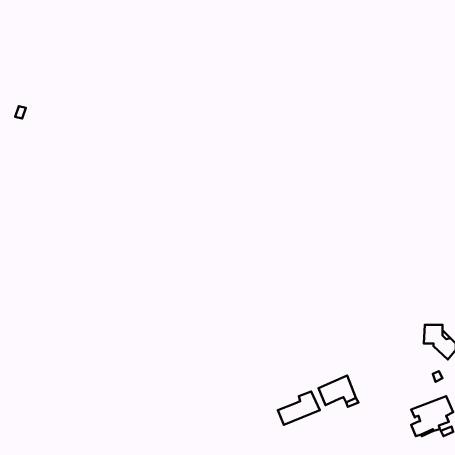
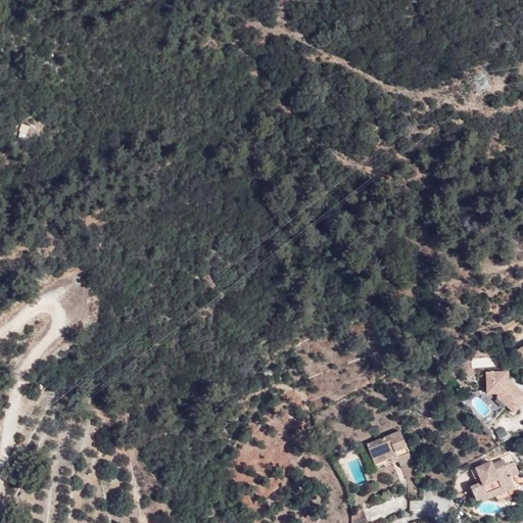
building: [278,391,320,425] -> none

